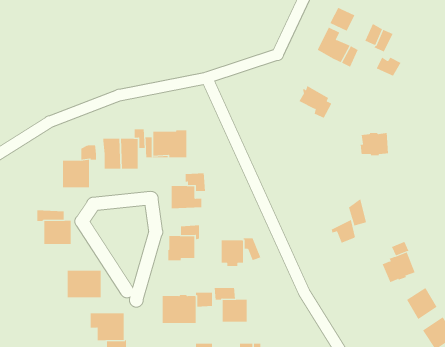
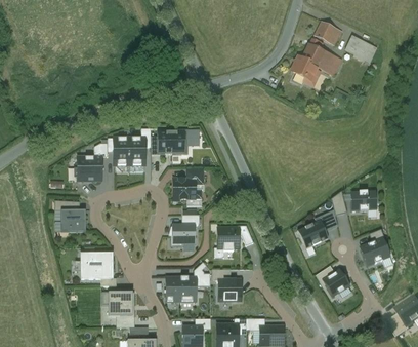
building: [299,85,332,119] -> [290,56,320,86]
building: [360,133,389,156] -> [350,191,376,211]
building: none -> [297,221,327,249]
building: [406,287,437,320] -> [322,269,349,298]

